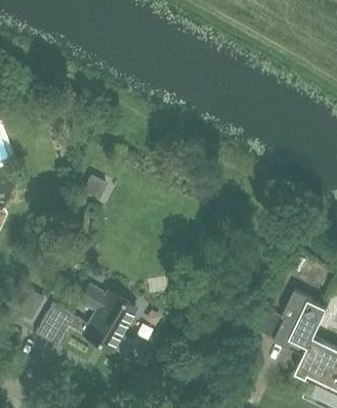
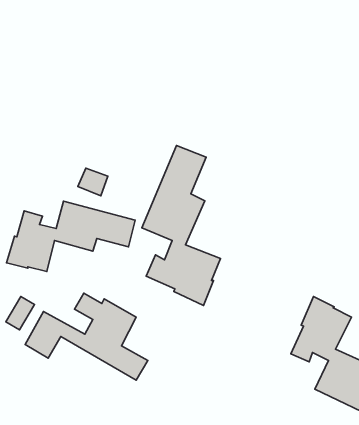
building: none -> [142,145,220,305]
building: none -> [6,201,135,271]

